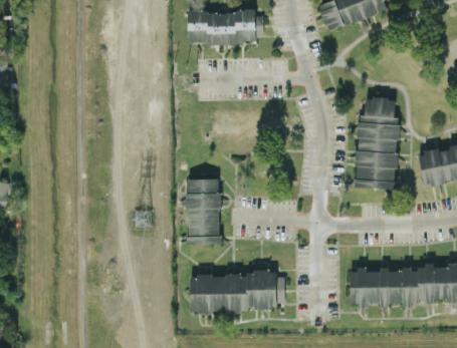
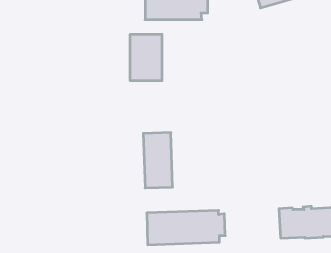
building: none -> [130,34,162,81]
building: [355,97,398,190] -> none

